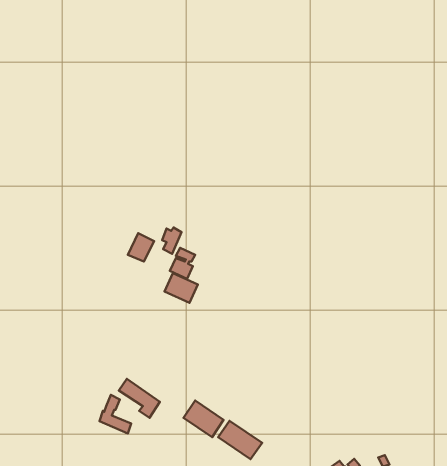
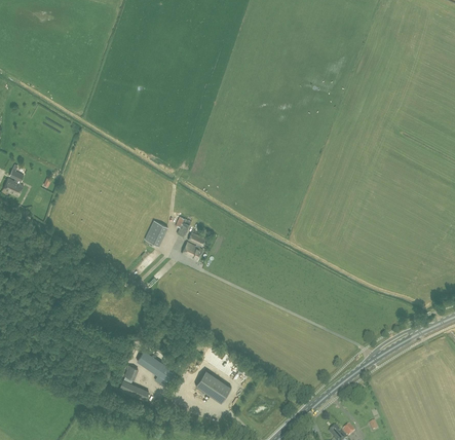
building: [165,273,198,303] -> none
building: [218,421,262,459] -> none

